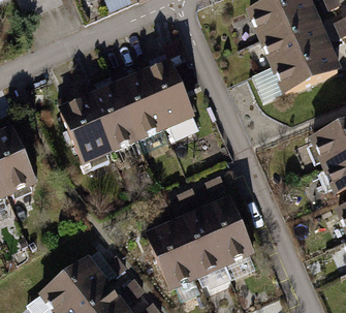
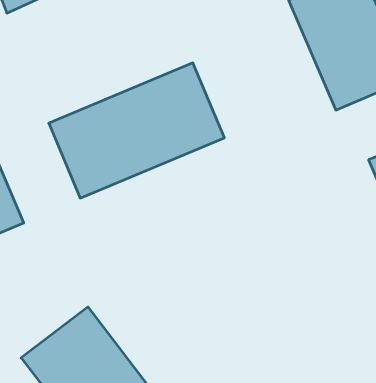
building: [146,196,255,291] -> none

